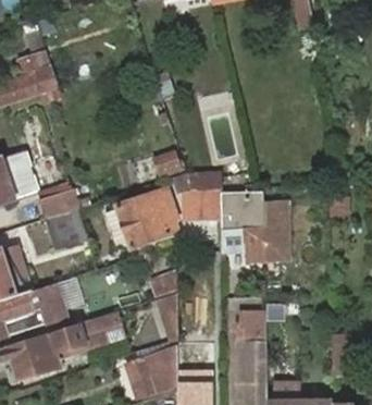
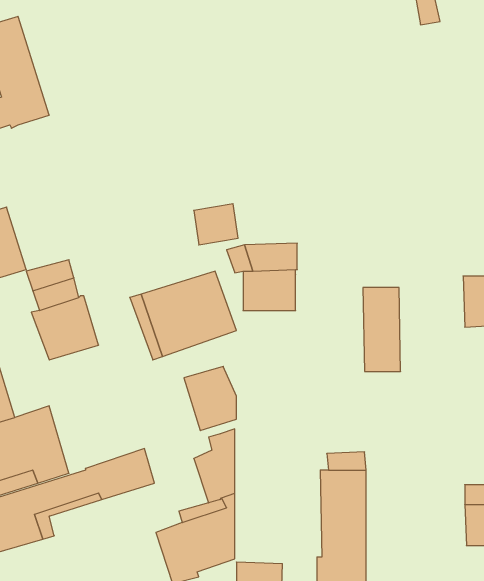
building: [220,194,264,258] -> none

